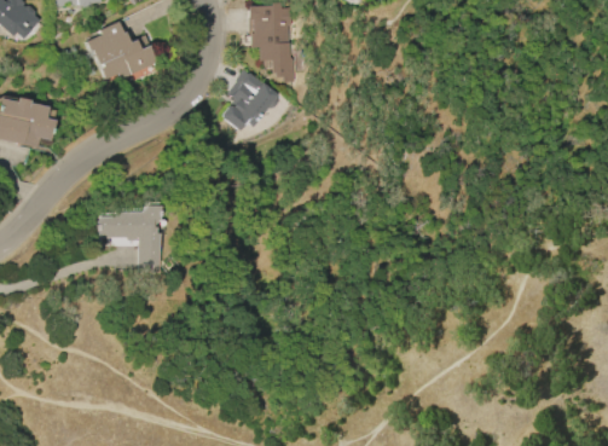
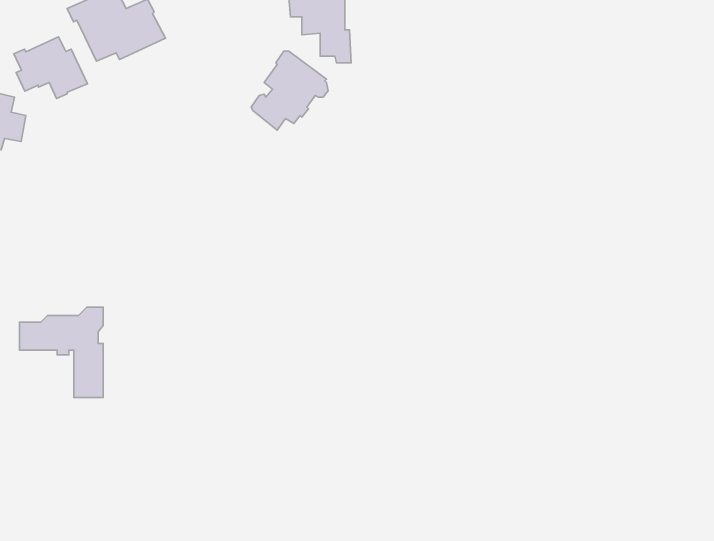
building: none -> [14,37,88,99]
building: [99,205,161,272] -> [19,307,103,398]

